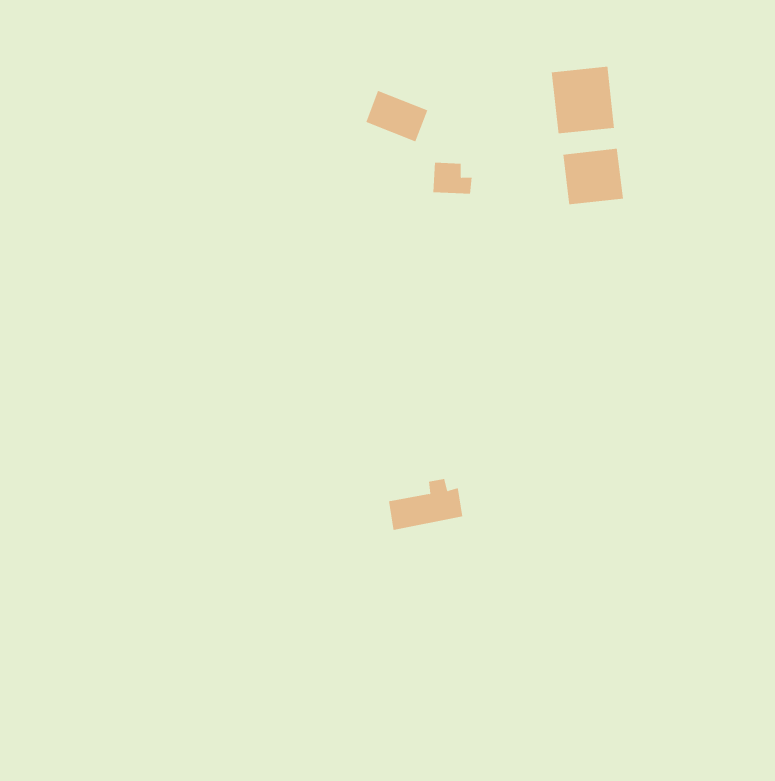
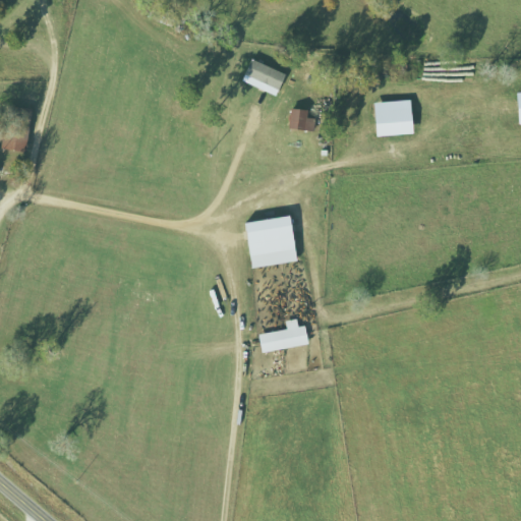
building: [551,66,615,134] -> none
building: none -> [247,216,297,266]

